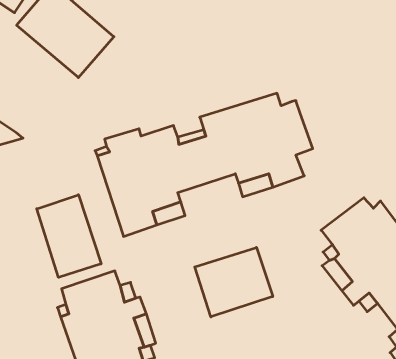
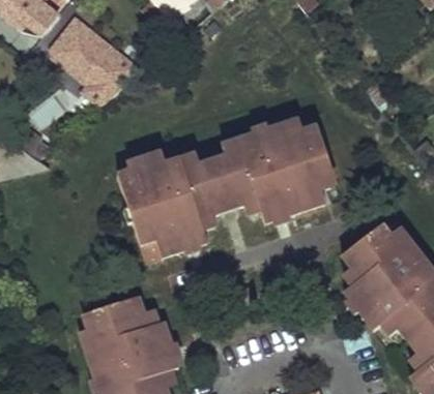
building: [37,195,101,277] -> none
building: [195,247,273,317] -> none

